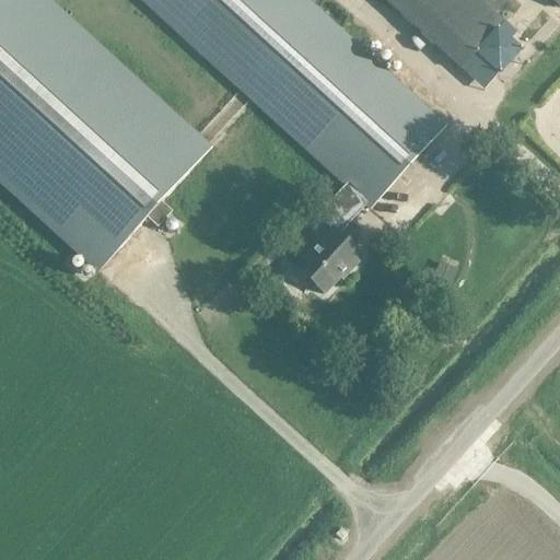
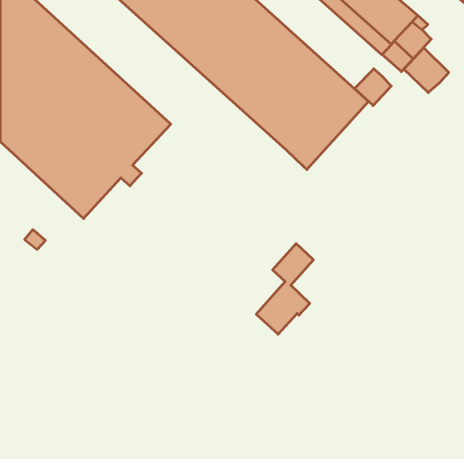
building: none -> [404,48,449,93]
building: none -> [355,69,391,106]
building: [296,180,365,290] -> [256,244,313,334]

